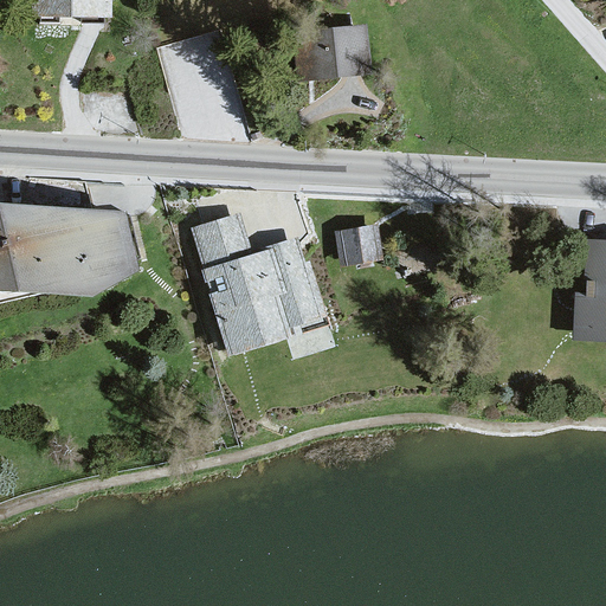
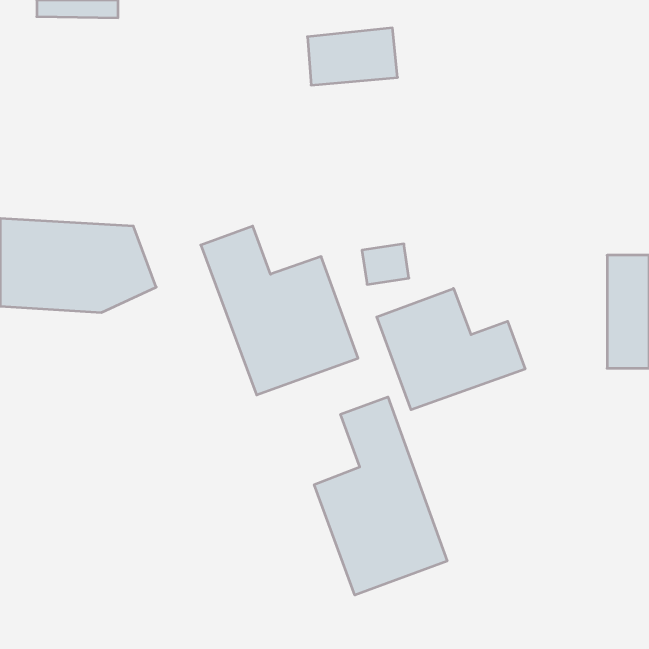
building: none -> [377,288,525,410]
building: none -> [314,397,447,595]

